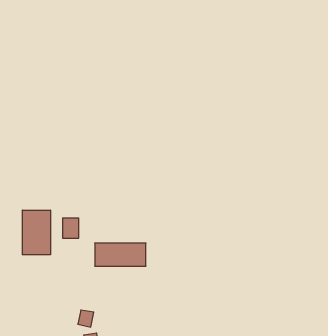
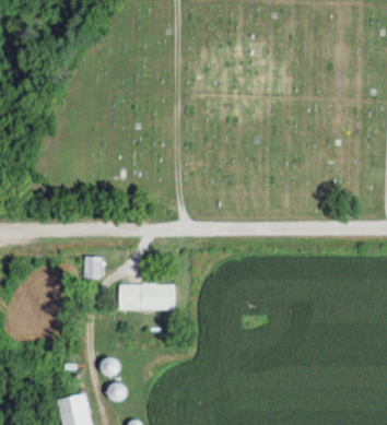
building: [22,210,50,255] -> none

